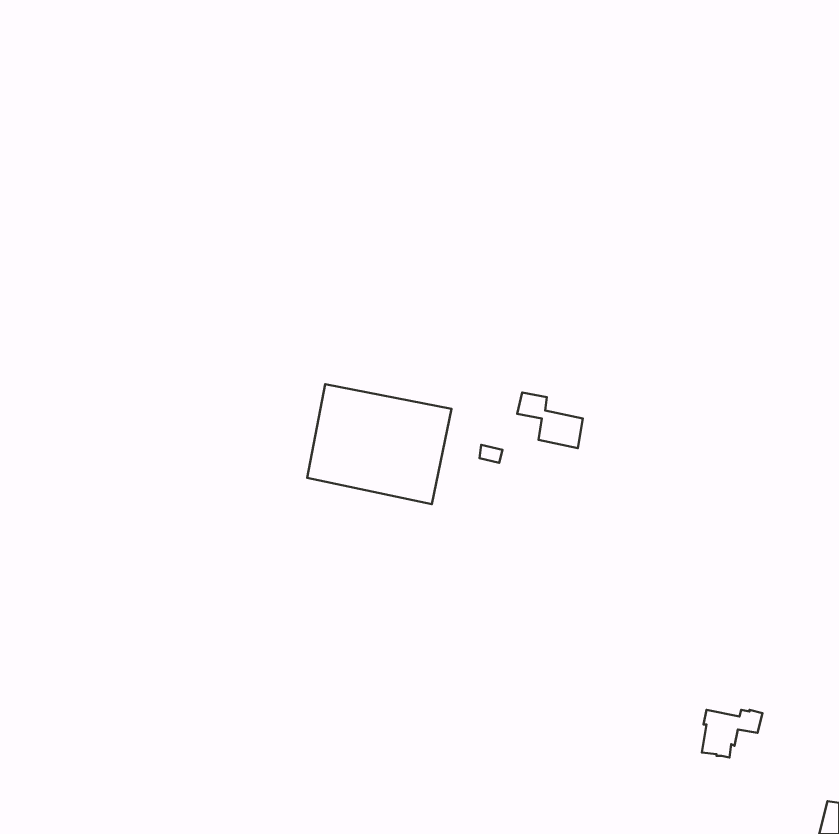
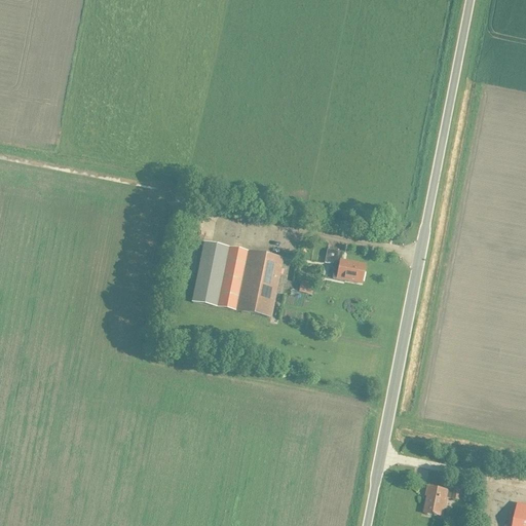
building: [702,710,762,757] -> [424,484,462,514]

